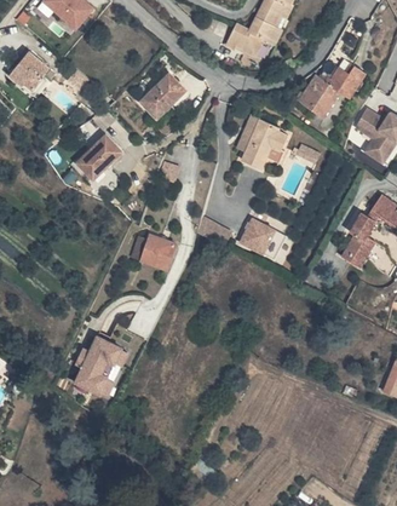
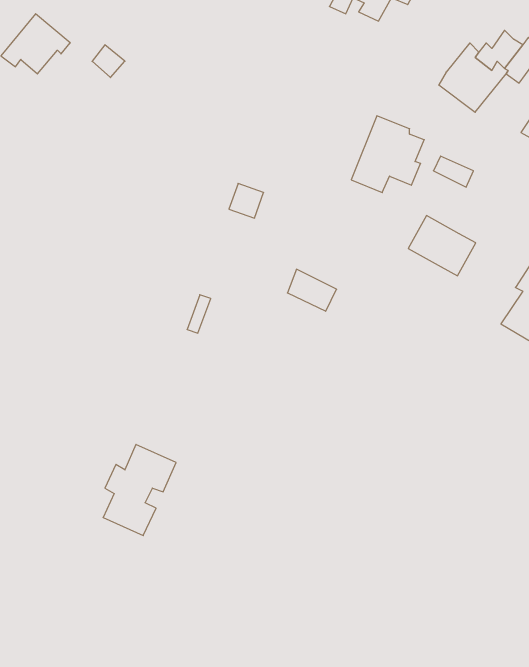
building: [139,75,185,121] -> none
building: [77,137,123,182] -> none
building: [240,219,284,259] -> [408,216,476,276]
building: [142,238,174,271] -> none

